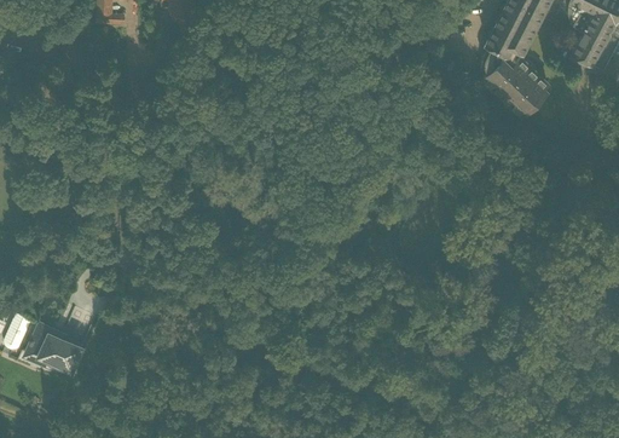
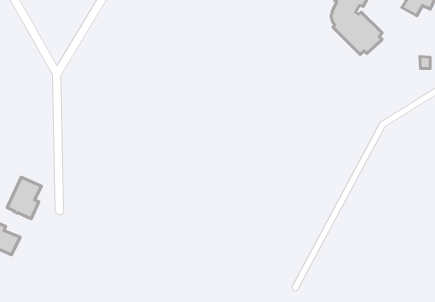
building: none -> [7,177,42,219]

